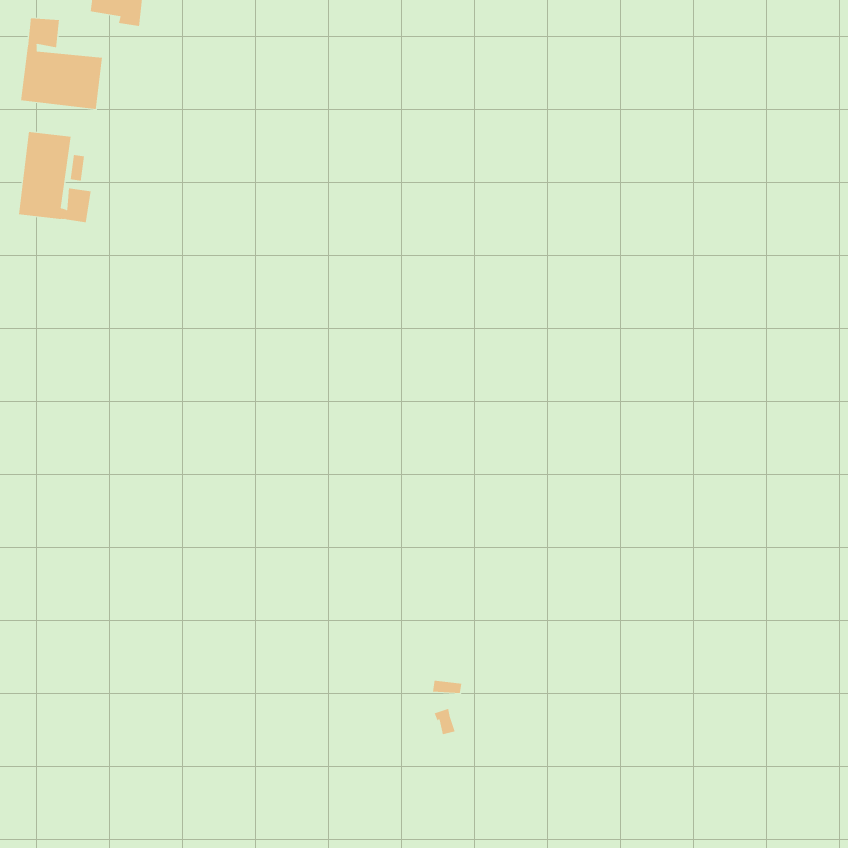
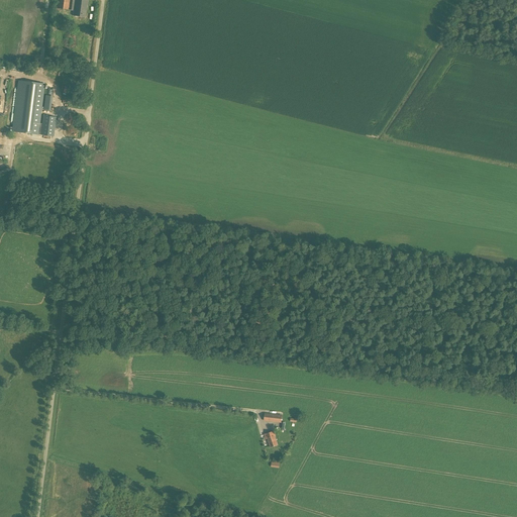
building: [21,17,103,110] -> none

